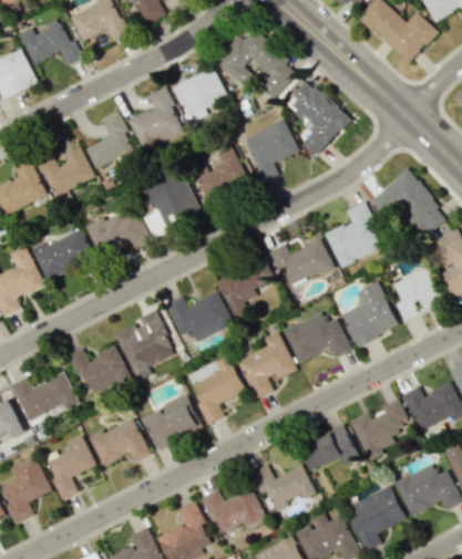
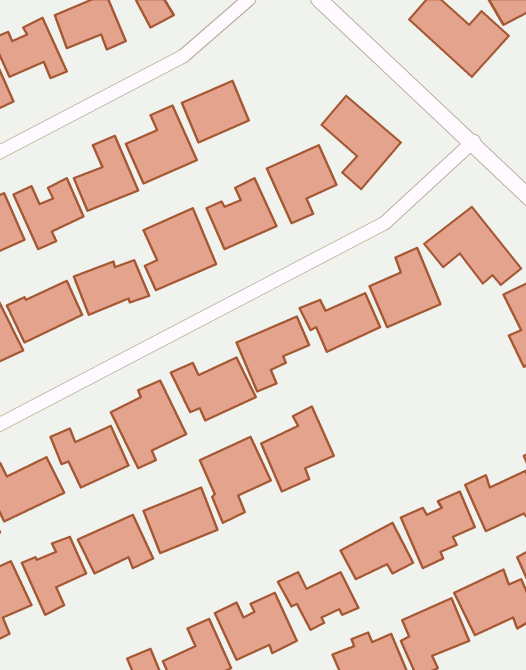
building: [215,29,299,100] -> none
building: [392,268,443,322] -> none
building: [341,281,398,345] -> none
building: [283,312,350,363] -> none

